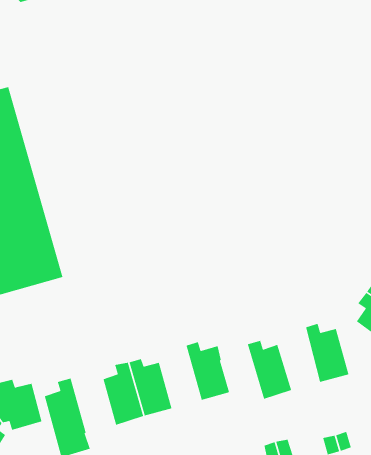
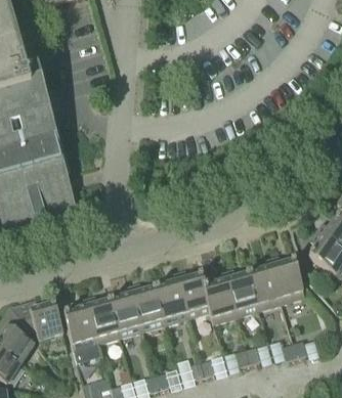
building: none -> [249,259,282,309]
building: none -> [204,272,238,322]
building: none -> [156,273,188,323]
building: none -> [86,296,121,343]

